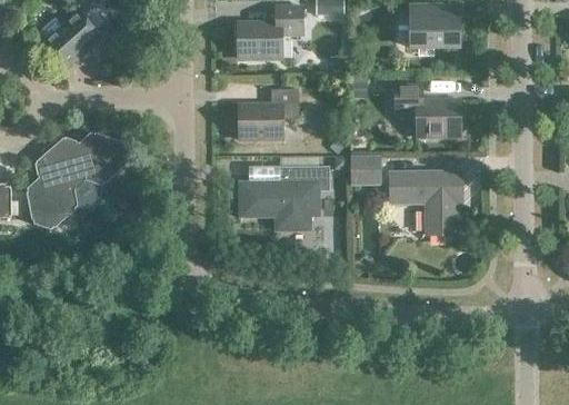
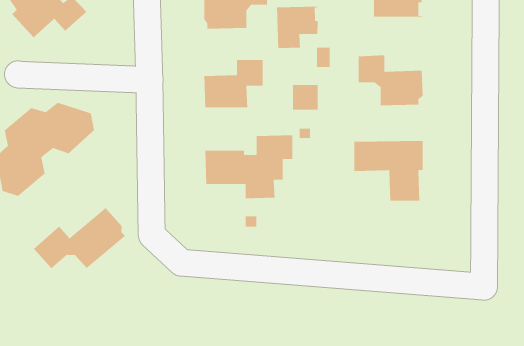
building: none -> [276,6,319,49]
building: [352,157,379,184] -> [292,84,318,111]
building: none -> [33,207,126,269]

